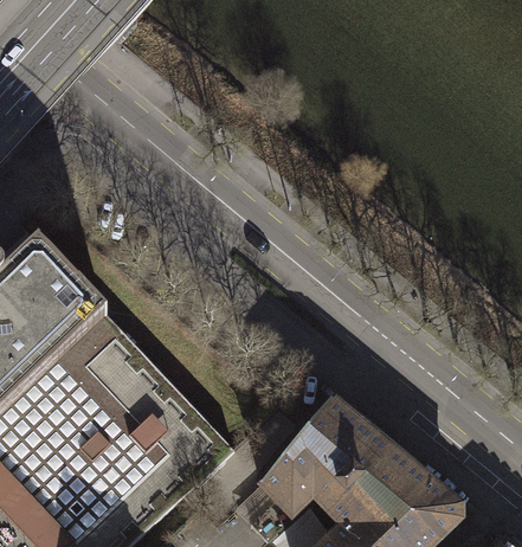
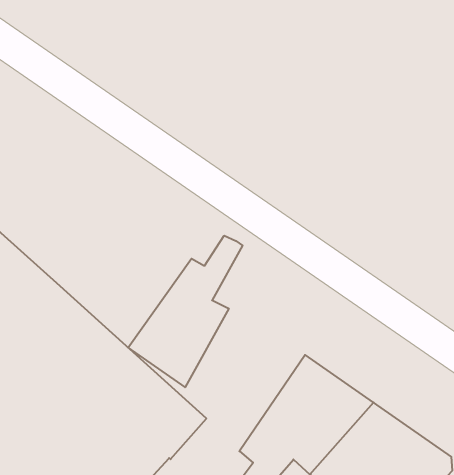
building: none -> [128,236,243,387]

